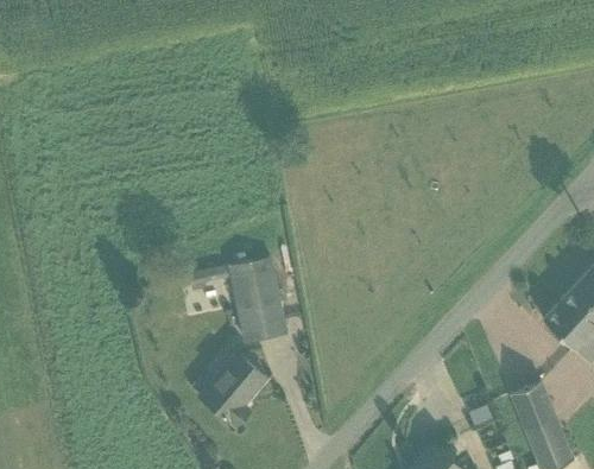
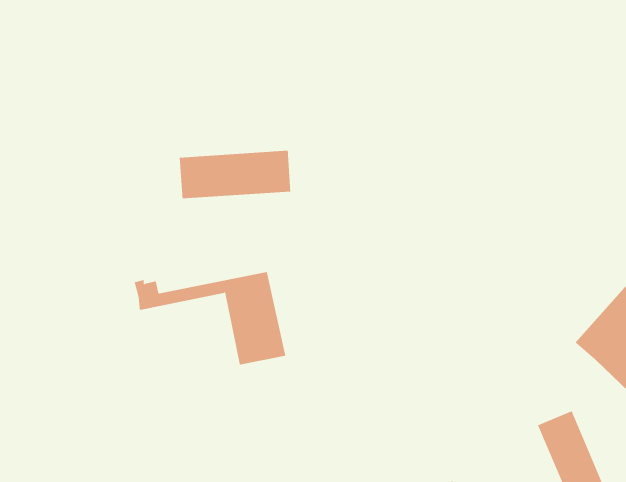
building: none -> [179,150,291,199]
building: [201,355,266,427] -> none

